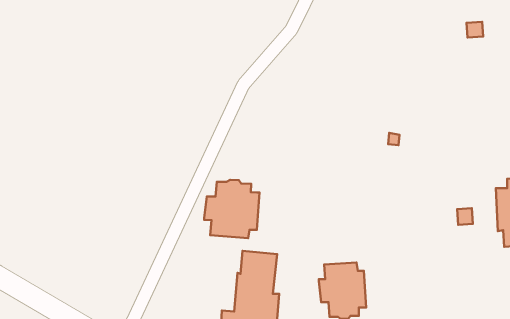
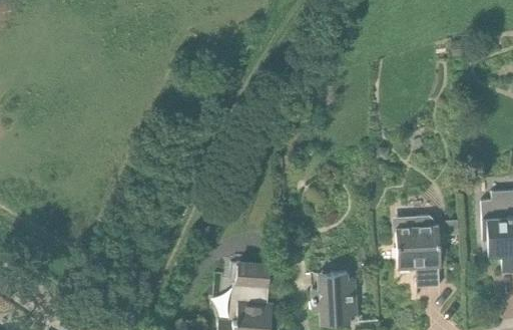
building: [204,180,260,238] -> none
building: none -> [392,217,441,288]

